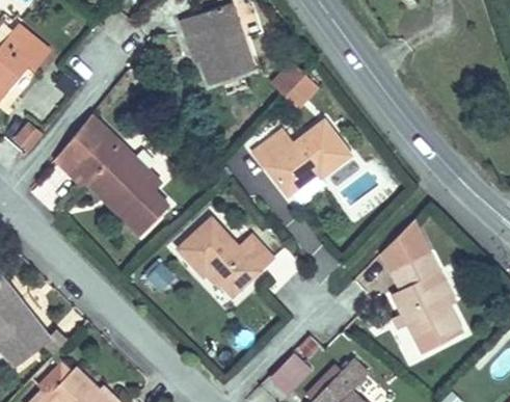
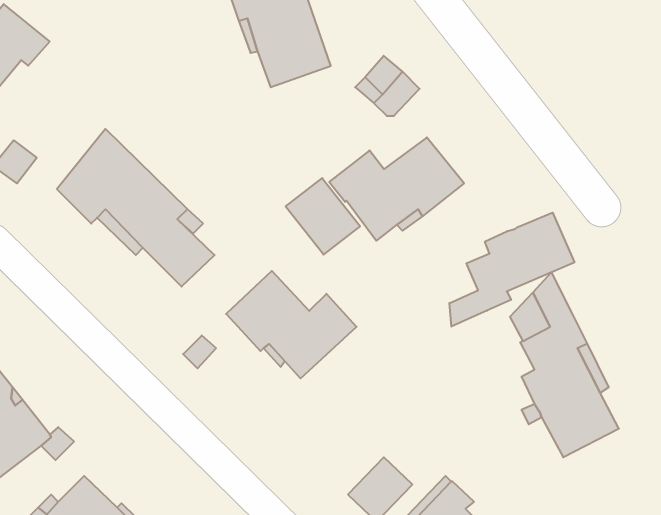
building: none -> [286,178,360,255]
building: none -> [449,213,574,327]

